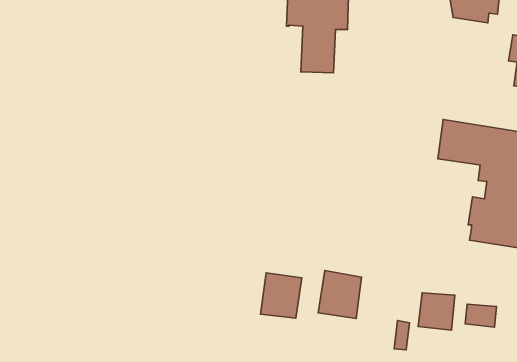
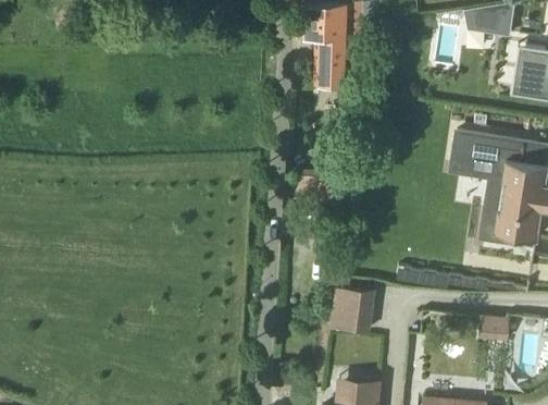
building: [261,273,302,318] -> none
building: [418,293,455,330] -> none

